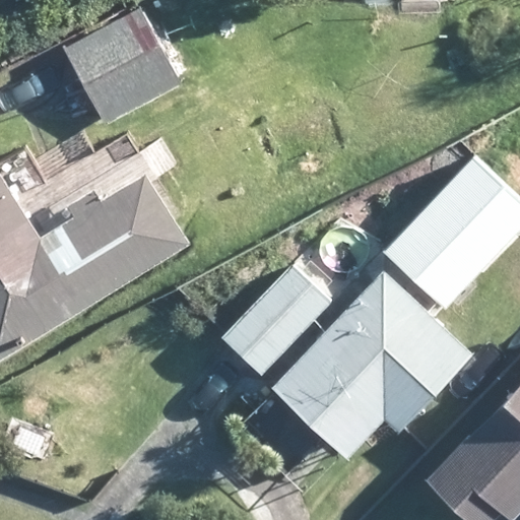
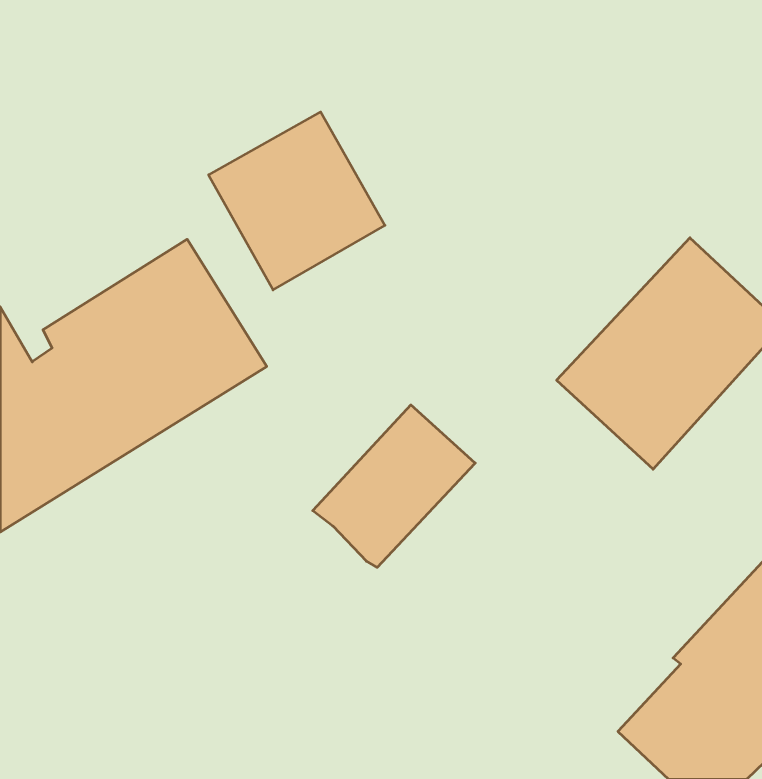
building: [67,6,184,124] -> [209,112,385,290]
building: [269,270,468,460] -> none

